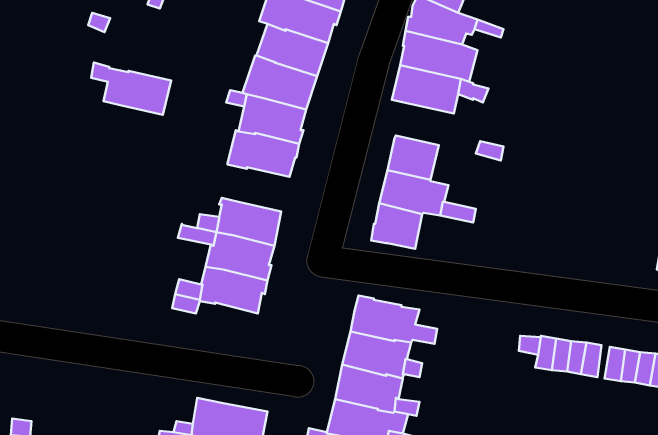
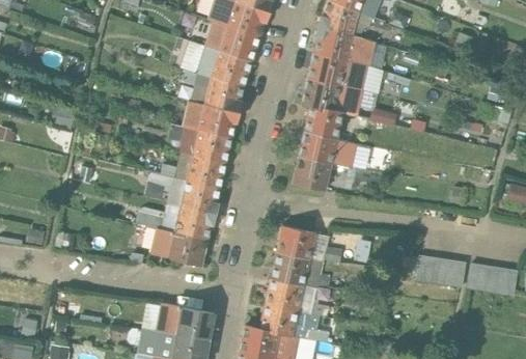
building: [91,63,171,115] -> [171,123,231,163]
building: none -> [302,79,361,116]
building: none -> [169,231,207,266]

